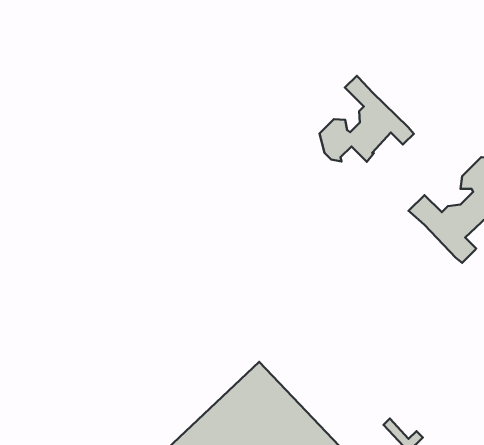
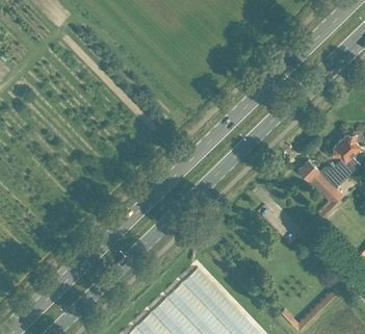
building: [320,76,414,162] -> none

